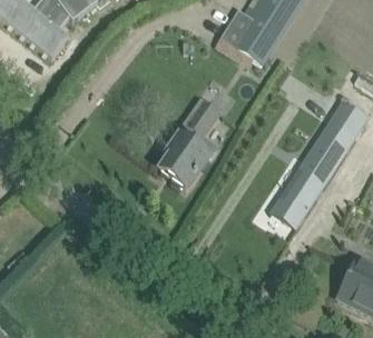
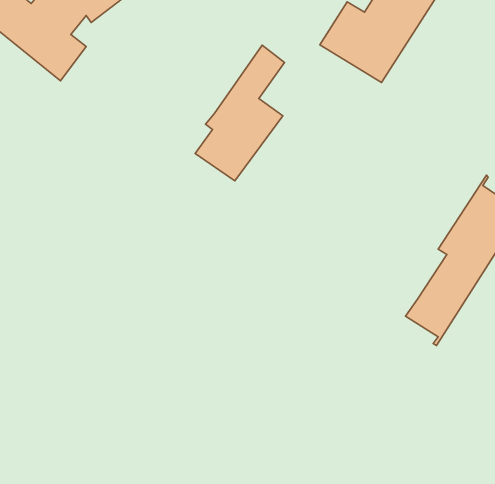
building: [159,101,217,189] -> [195,45,285,181]

